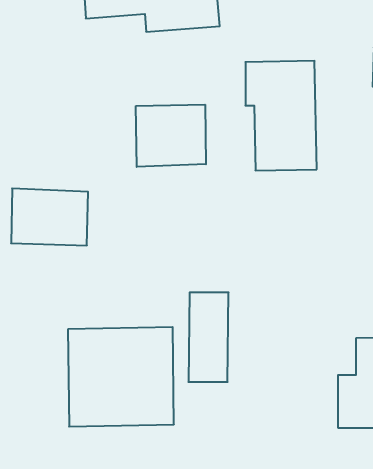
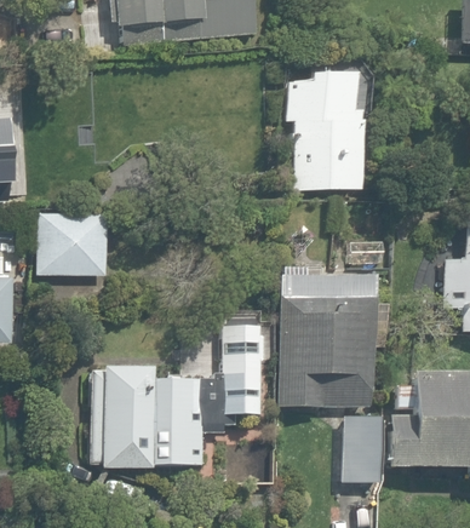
building: [136,105,206,167] -> none
building: none -> [279,271,373,407]
building: none -> [344,413,382,482]

